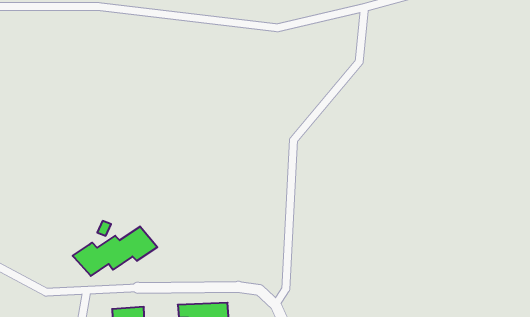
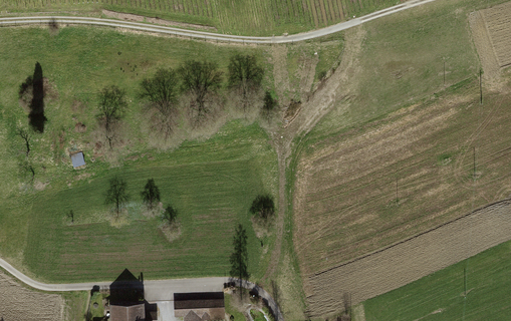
building: [73,226,157,276] -> none

